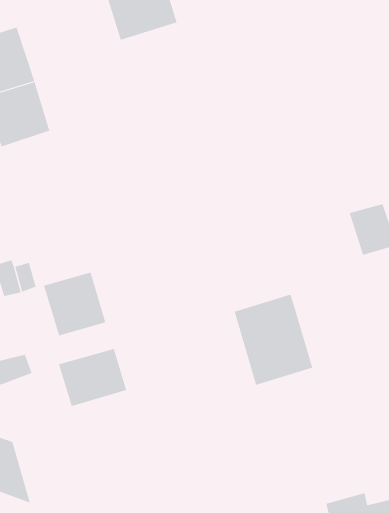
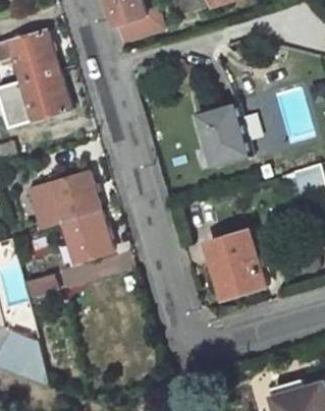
building: none -> [196,103,249,167]
building: none -> [52,173,100,223]
building: [58,348,127,407] -> none

